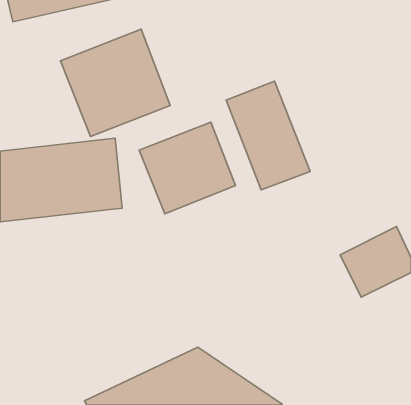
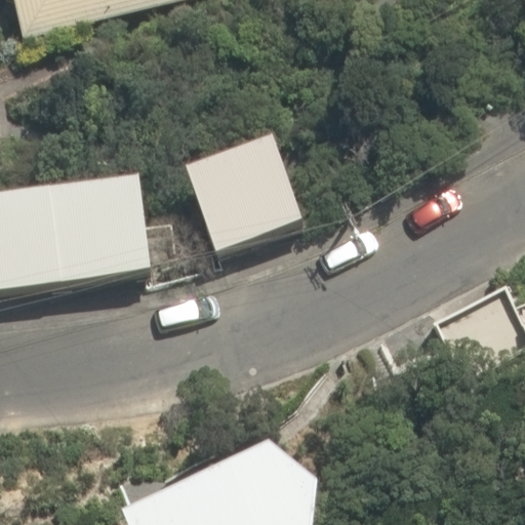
building: [61,29,170,136] -> none
building: [226,81,310,190] -> none

